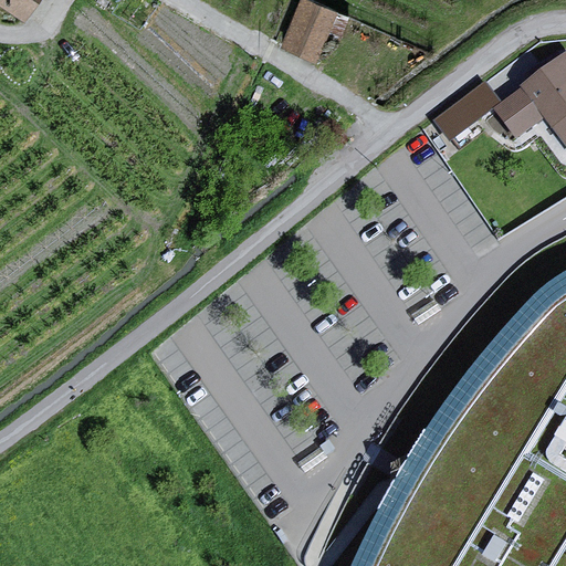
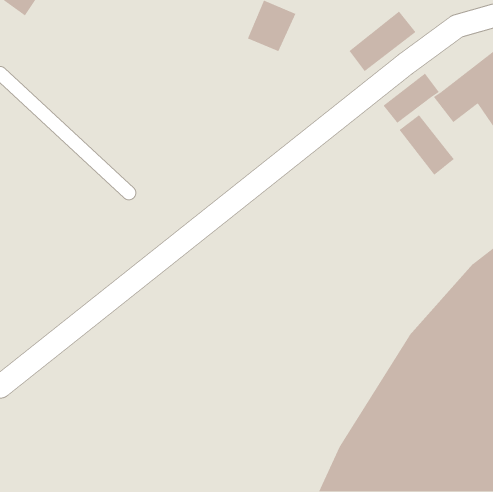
building: none -> [348,10,416,72]
building: none -> [399,114,455,176]

